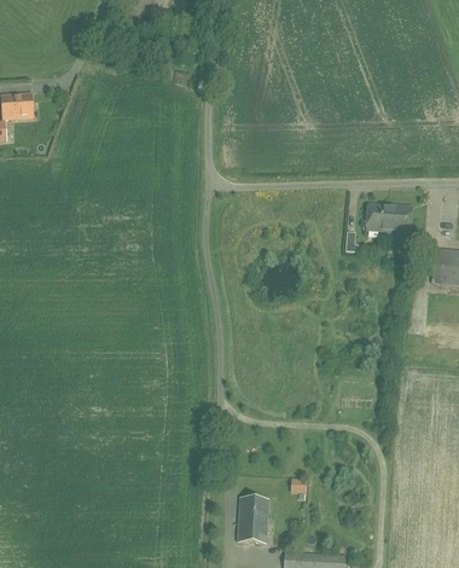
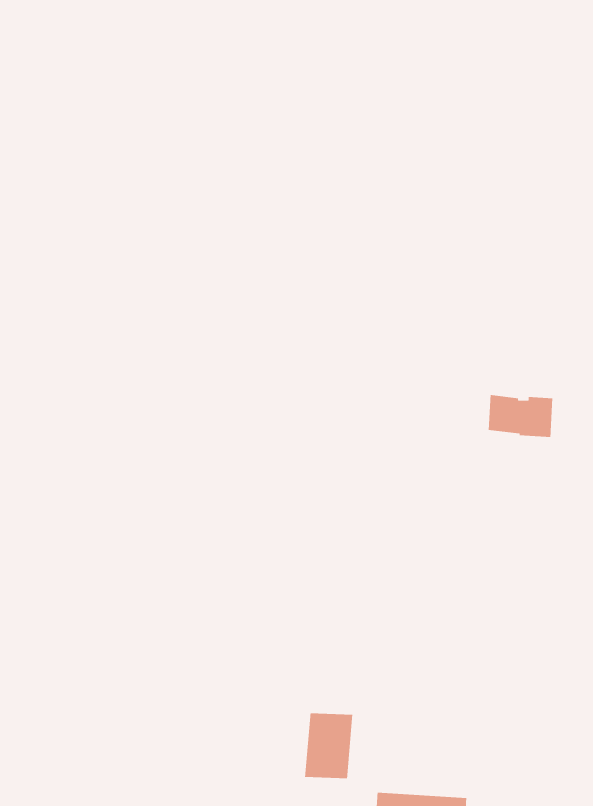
building: [367,203,411,232] -> [488,394,553,438]

